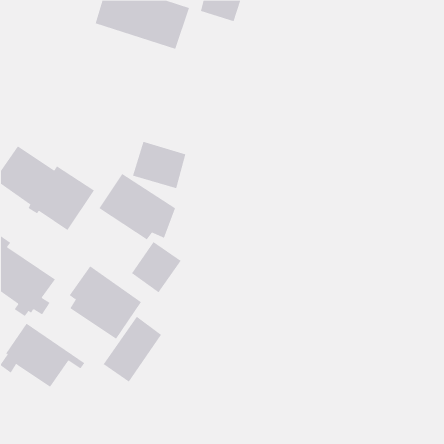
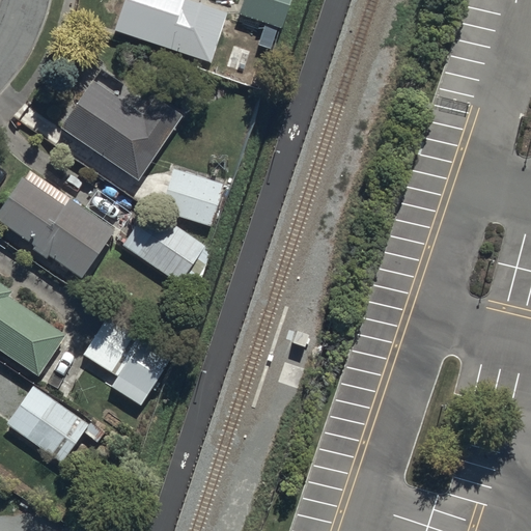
building: none -> [60,79,184,180]
building: [131,241,181,293] -> none
building: [103,316,162,382] -> none

